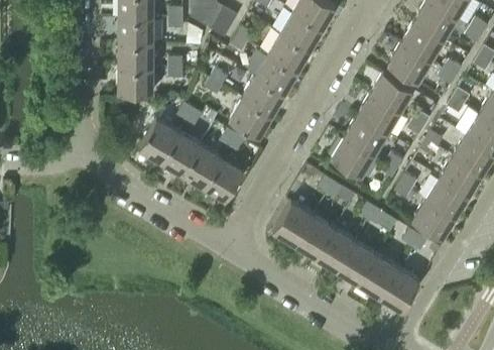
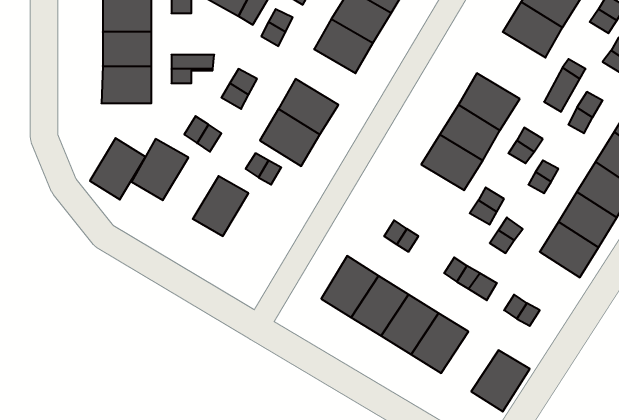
building: [387,41,430,82] -> none
building: [254,53,296,93] -> none
building: [160,130,200,173] -> [90,138,146,200]
building: [330,135,373,177] -> none
building: [203,155,243,199] -> none
building: [412,197,455,237] -> none
building: [357,253,397,296] -> none

